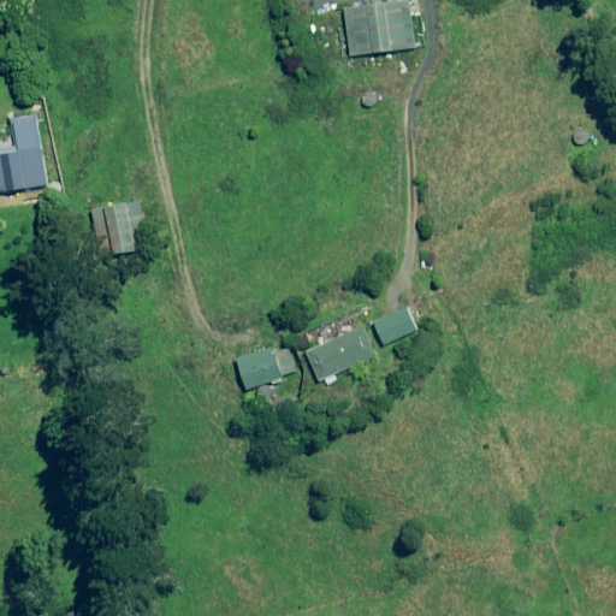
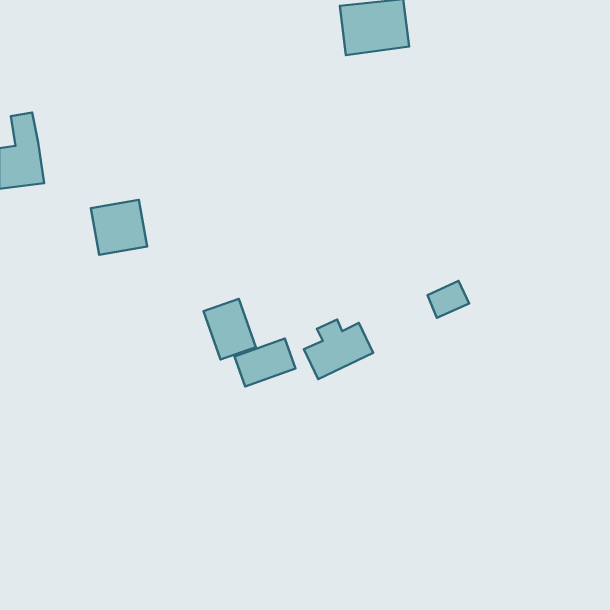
building: none -> [204,299,256,360]
building: [373,307,415,344] -> [427,281,469,318]

